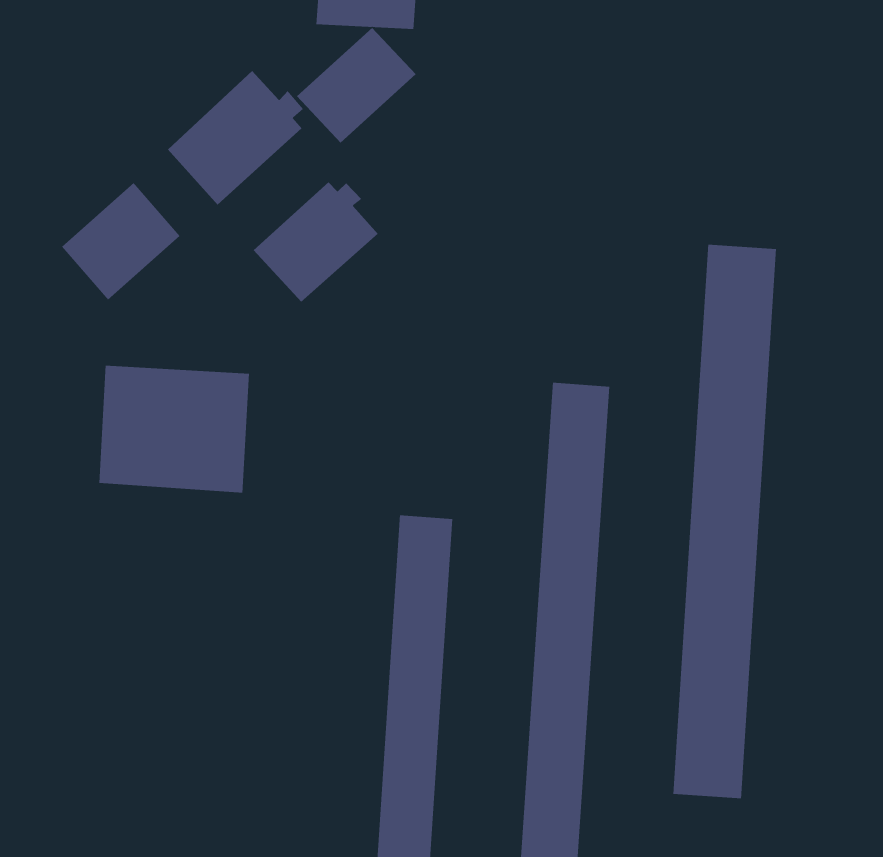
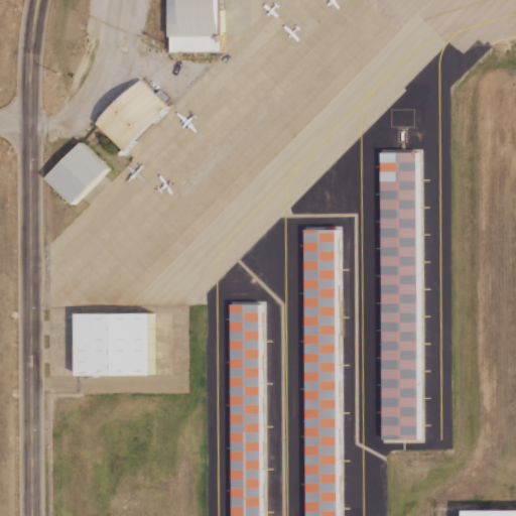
building: [296,27,416,143] -> none
building: [253,181,379,303] -> none
building: [99,365,250,493] -> [73,312,149,375]

